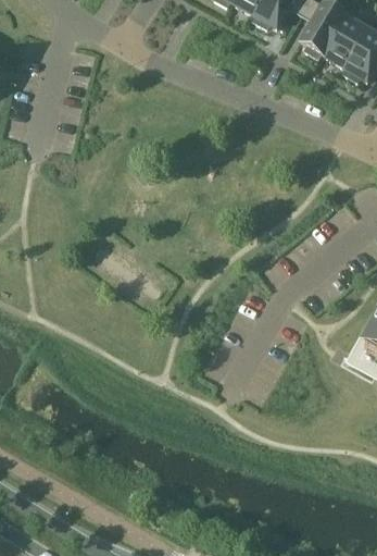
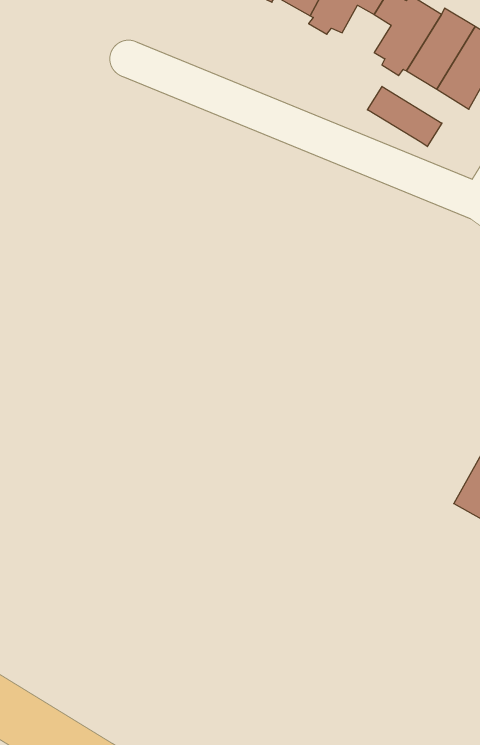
building: none -> [367,86,442,147]

